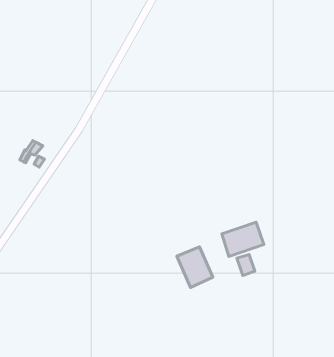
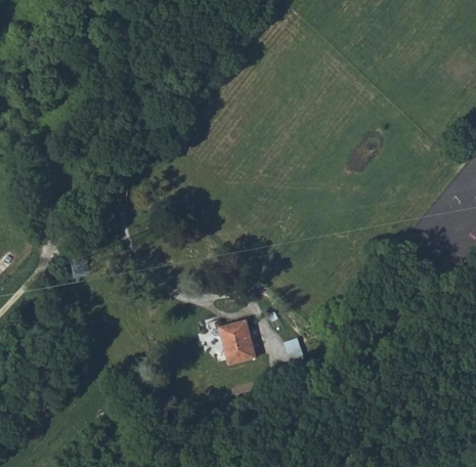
building: [222,222,264,257] -> none

